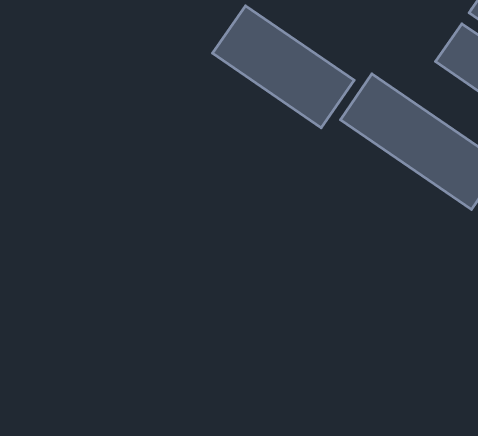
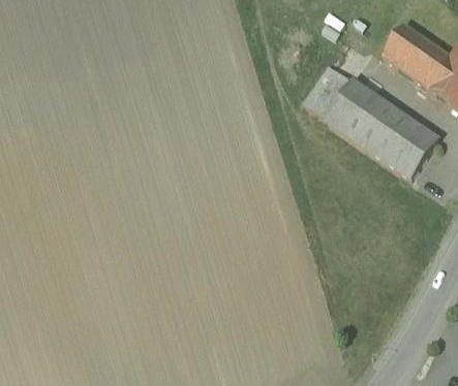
building: [213,6,354,128] -> none

